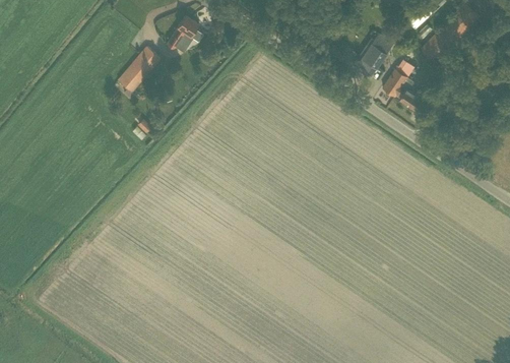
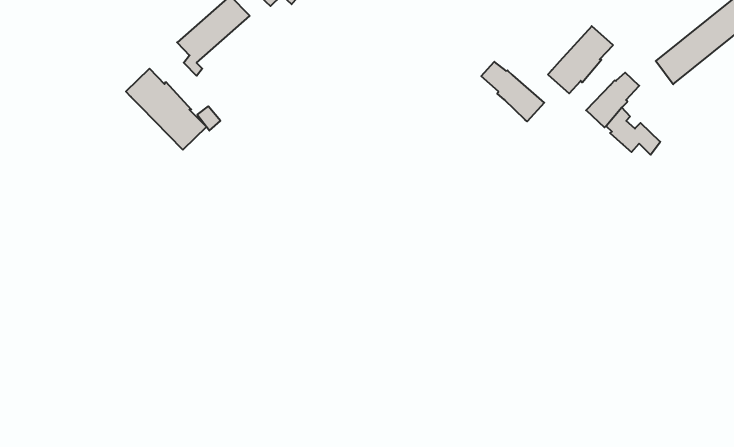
building: none -> [481,62,544,121]
building: none -> [126,69,207,150]

